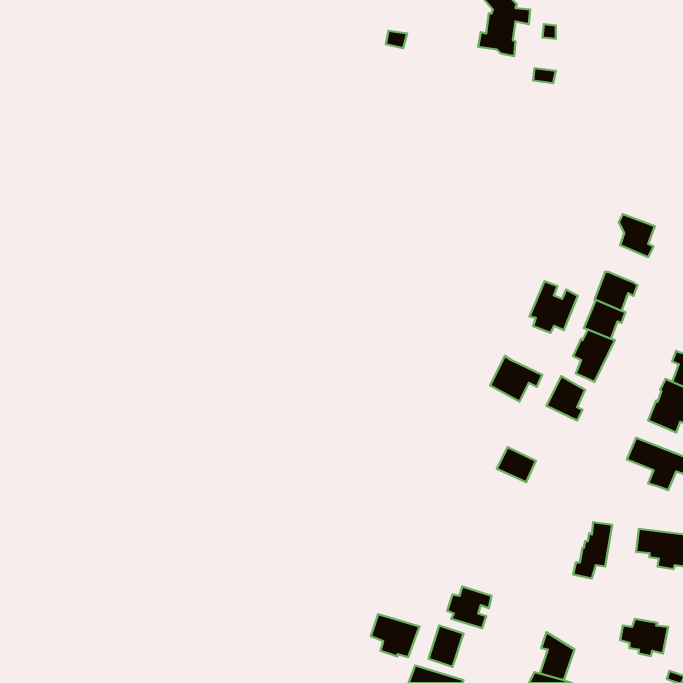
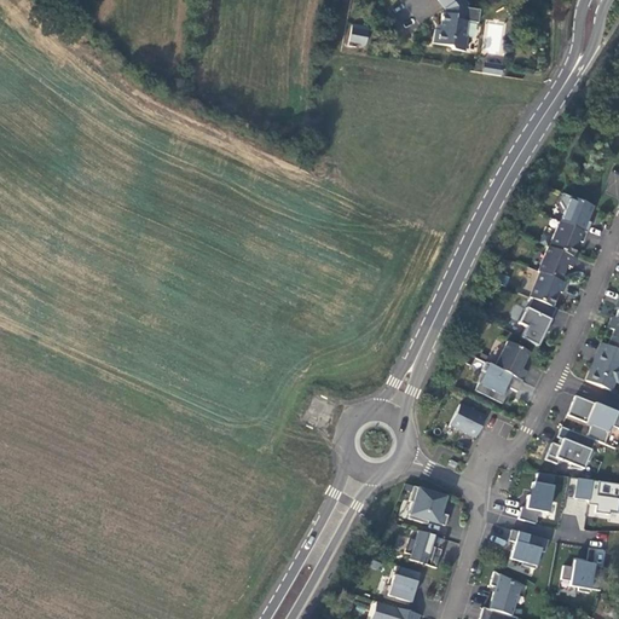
building: none -> [550,221,586,255]
building: [530,281,578,333] -> none
building: [490,356,542,402] -> [475,363,522,404]
building: none -> [545,426,595,468]
building: none -> [409,485,449,525]
building: none -> [508,528,548,568]
building: [371,614,420,657] -> none

